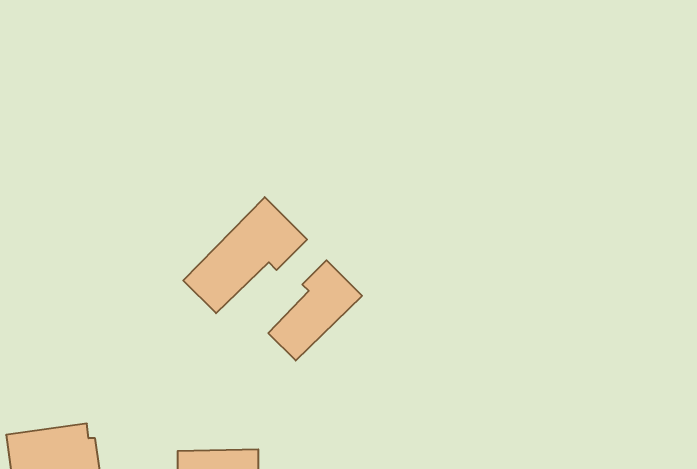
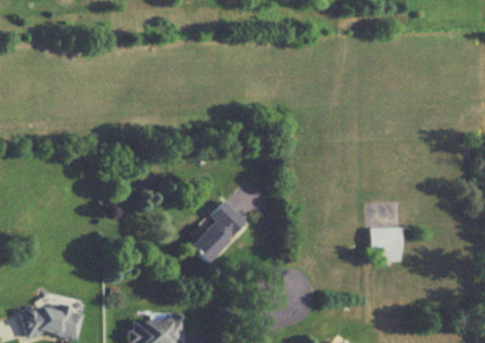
building: [183,197,307,313] -> none
building: none -> [372,228,404,261]

